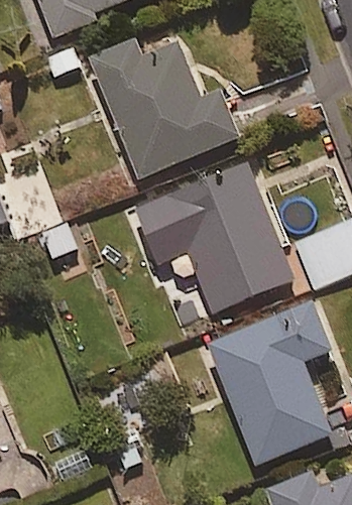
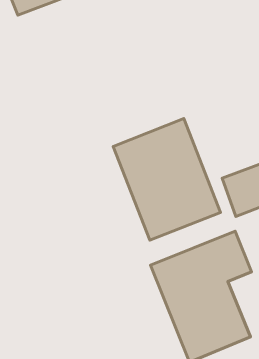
building: [95,43,238,177] -> none

